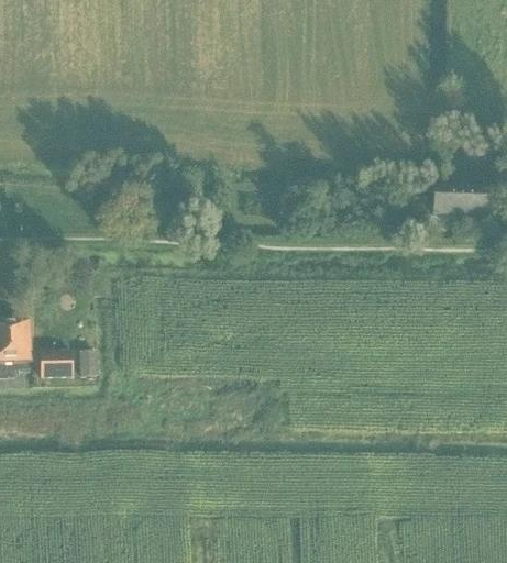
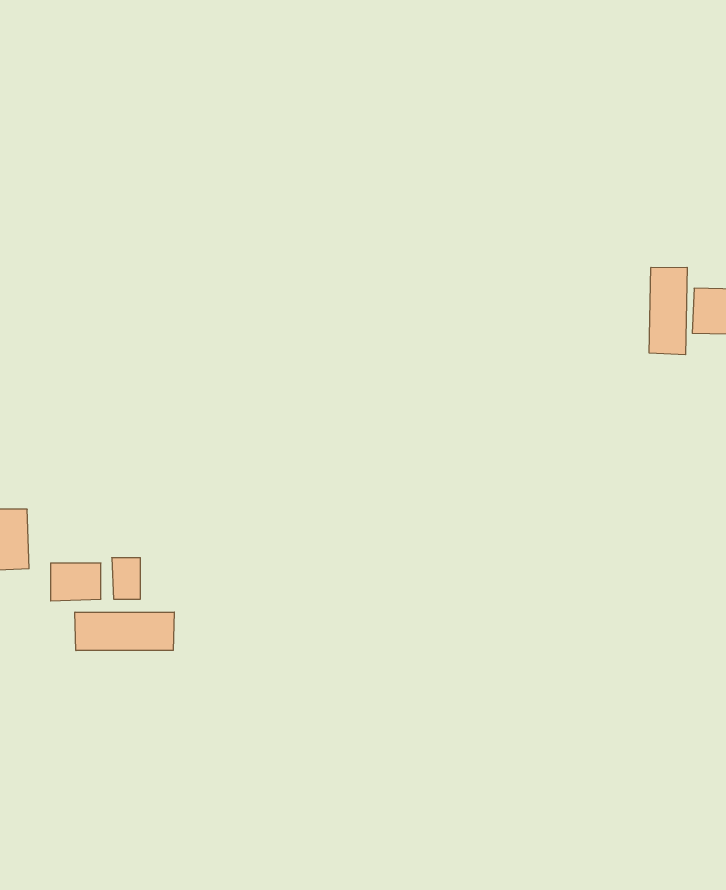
building: none -> [649,267,687,355]
building: none -> [75,612,174,651]

